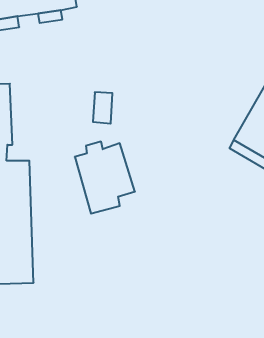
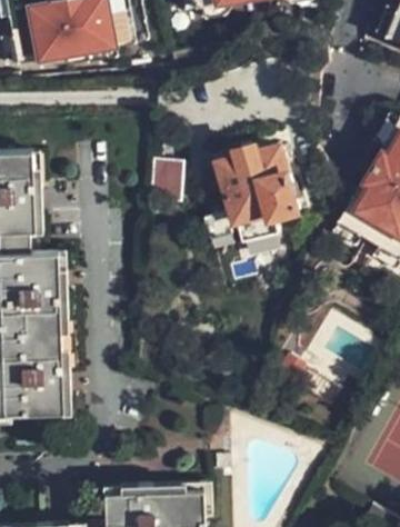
building: [75,142,135,214] -> [218,142,297,237]

